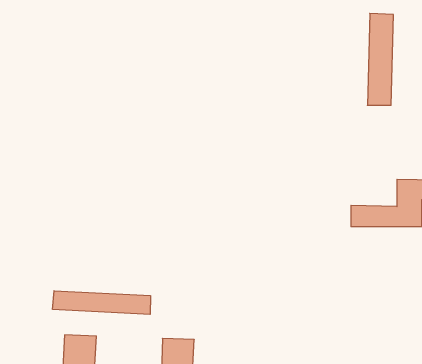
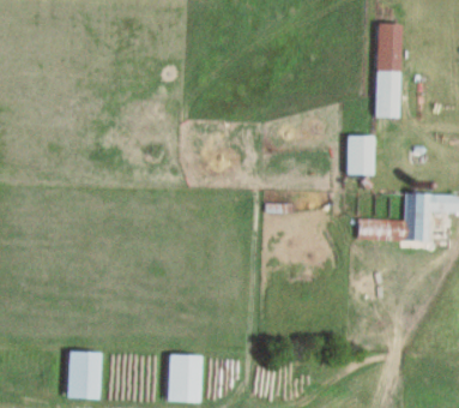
building: none -> [348,134,375,174]
building: [53,291,150,314] -> none

